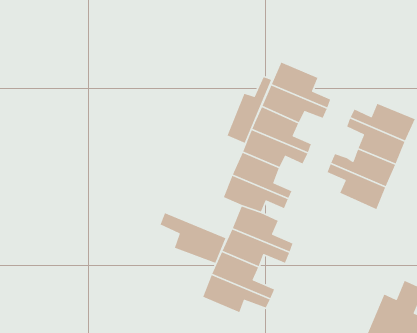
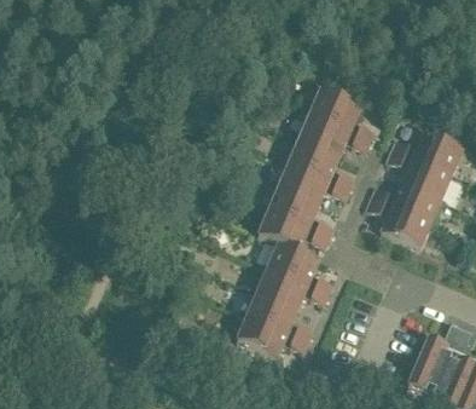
building: [227,76,272,144] -> none
building: [160,212,227,264] -> none

